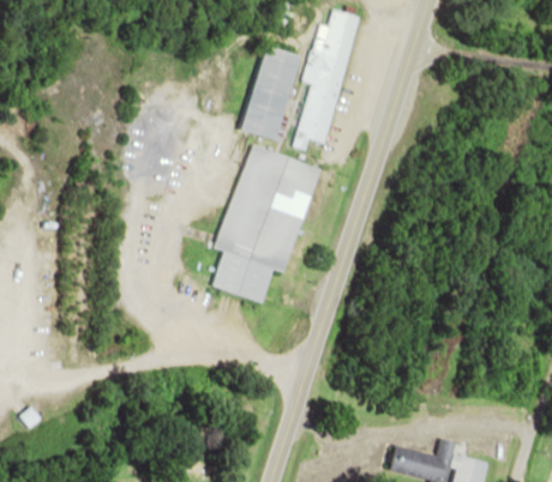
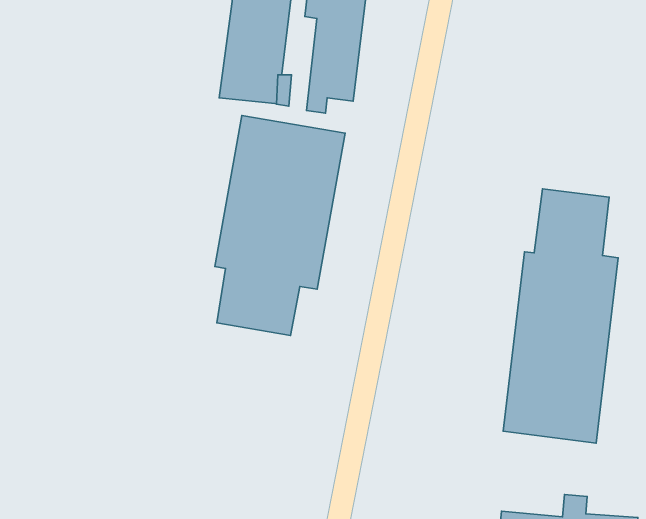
building: none -> [503,189,618,443]

